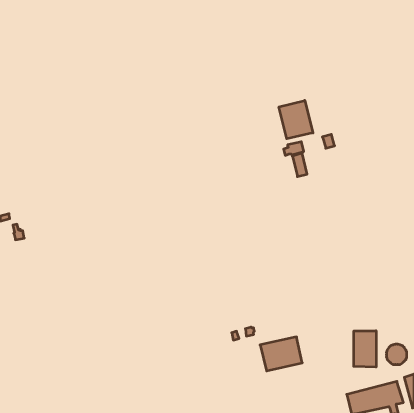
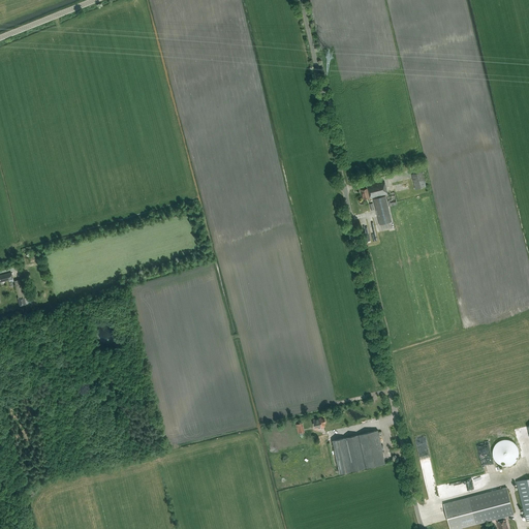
building: [279,100,313,139] -> none
building: [354,331,376,367] -> none

